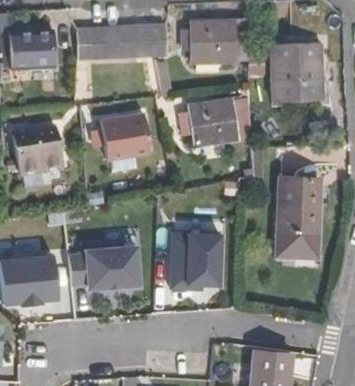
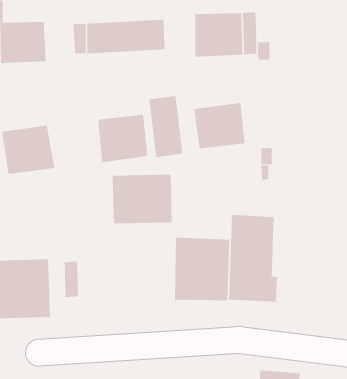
building: [271,39,323,98] -> none
building: none -> [149,95,183,158]
building: [278,176,324,257] -> [228,215,278,302]
building: [85,246,141,292] -> [112,174,172,224]

